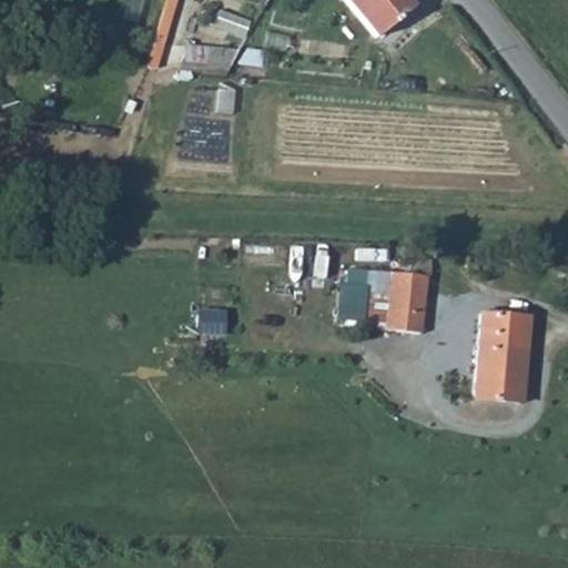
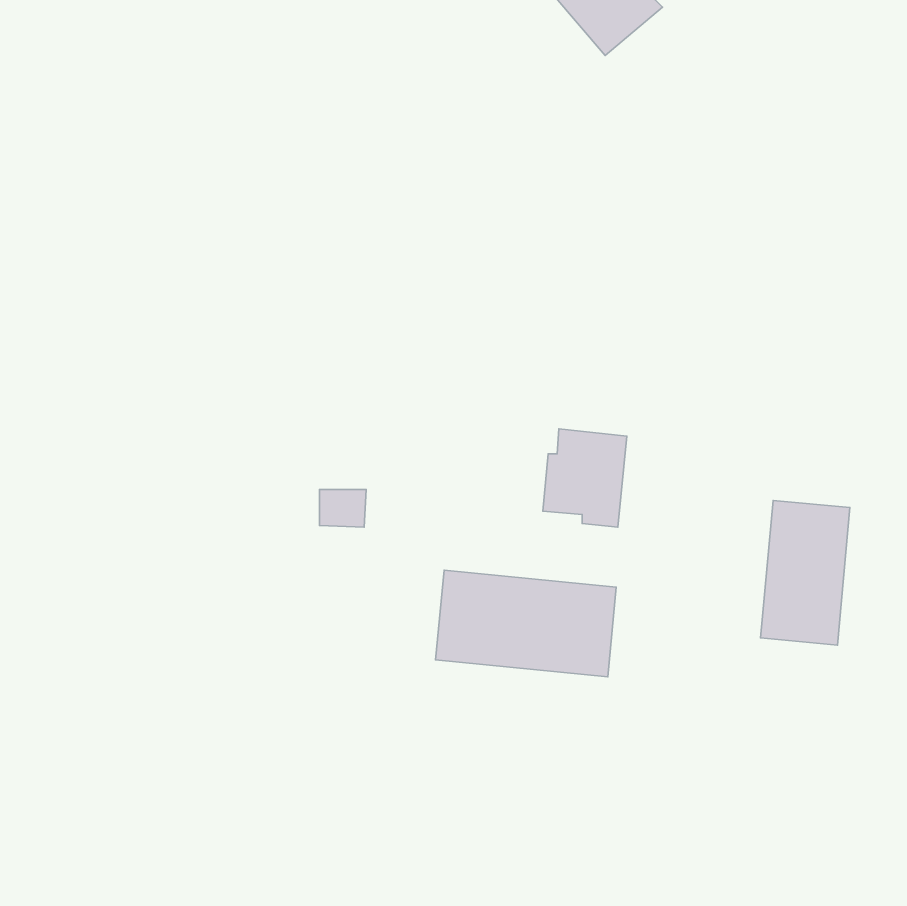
building: [387,270,429,331] -> none
building: none -> [436,570,616,677]

